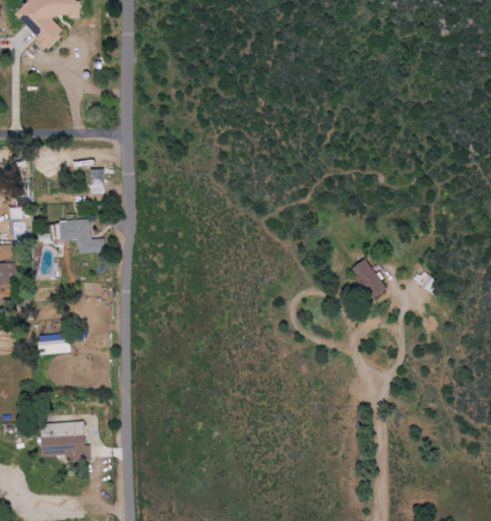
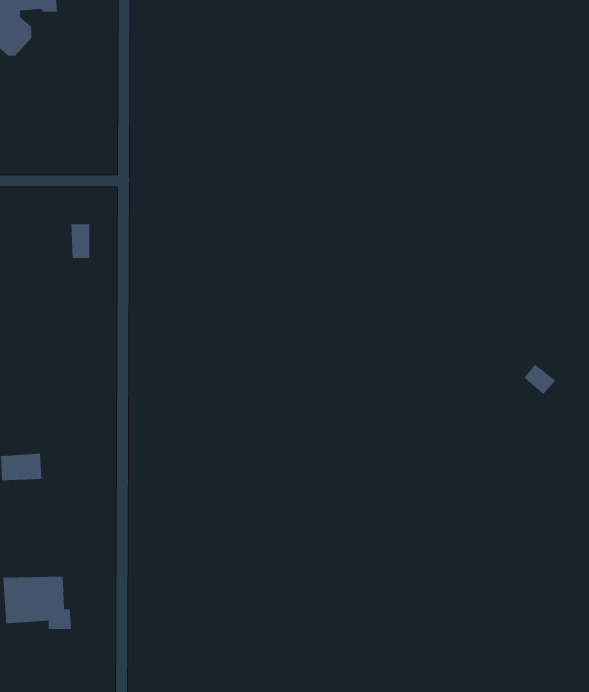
building: [50,220,104,252] -> none
building: [350,258,387,299] -> none

